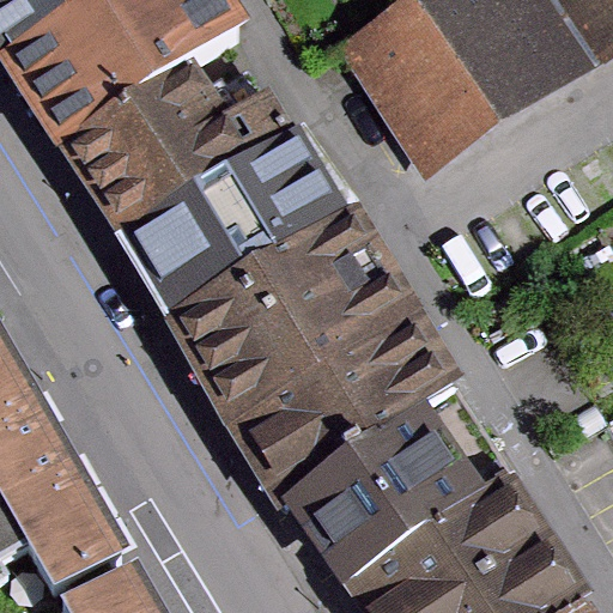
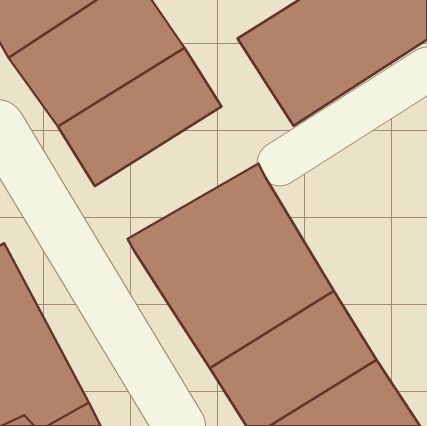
building: [135,152,369,341] -> none

